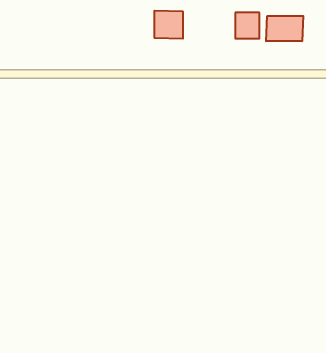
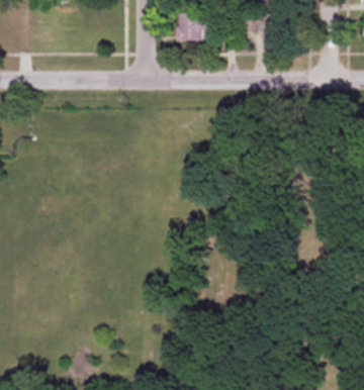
building: [266,16,303,41] -> none

